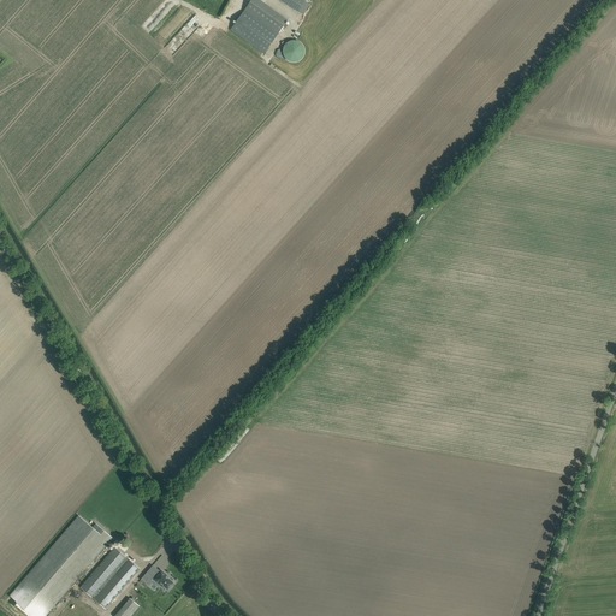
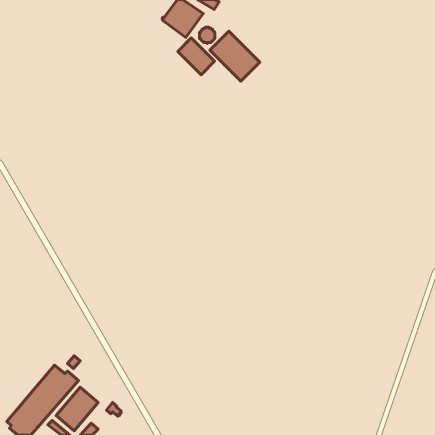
building: none -> [210,31,260,81]
building: none -> [178,38,215,75]

